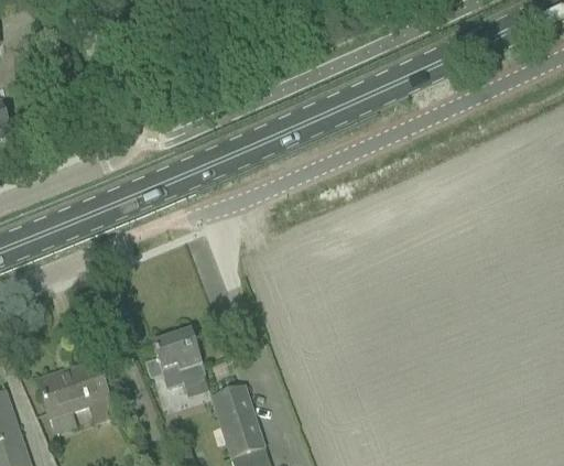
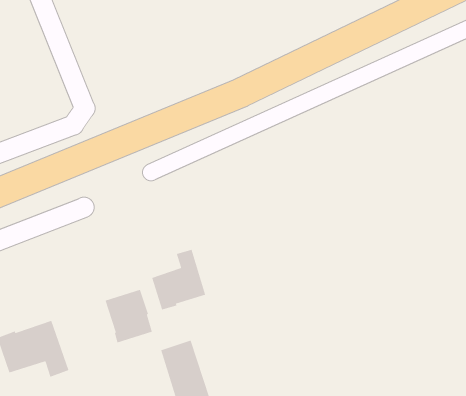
building: none -> [151,249,206,311]

